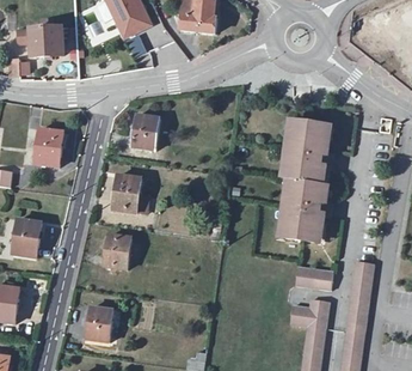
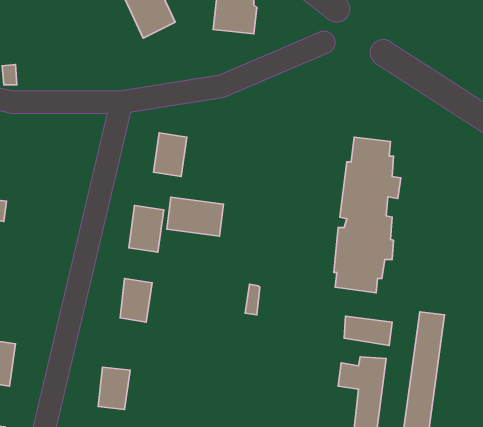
building: [18,26,64,55] -> none
building: [35,128,63,166] -> none
building: none -> [167,197,223,236]
building: [12,218,42,256] -> none

